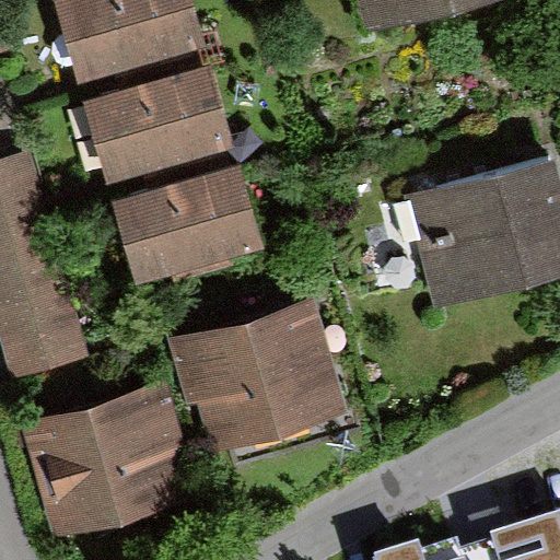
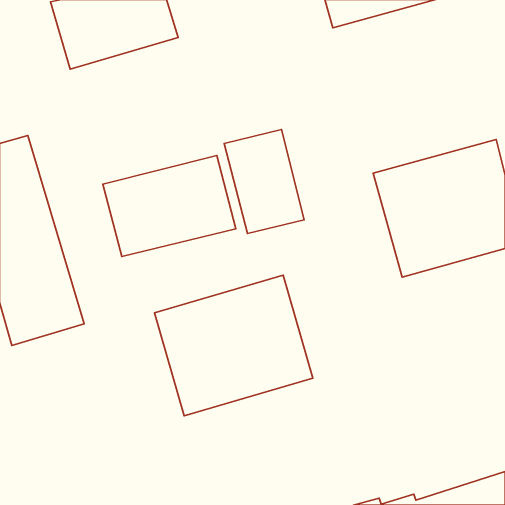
building: [85,67,228,180] -> none
building: none -> [224,129,304,234]
building: [25,381,194,541] -> none

